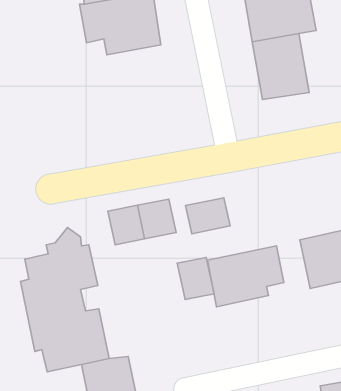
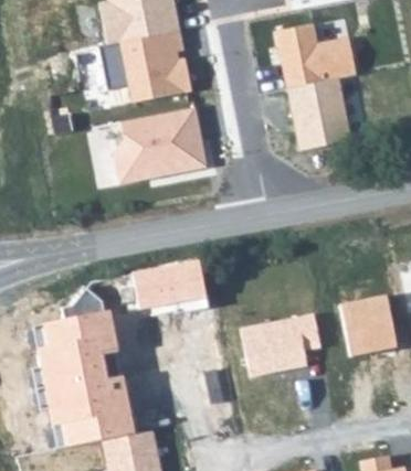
building: none -> [113,106,208,184]
building: [186,198,230,234] -> none
building: [177,257,214,300] -> none

